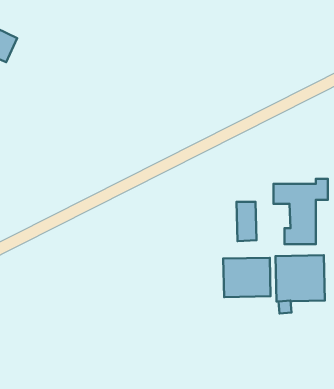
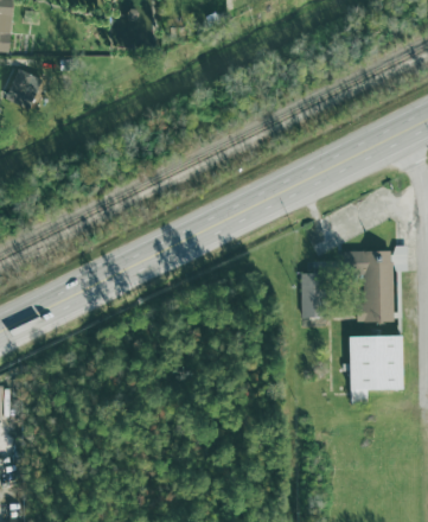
building: [223,258,271,297] -> none

